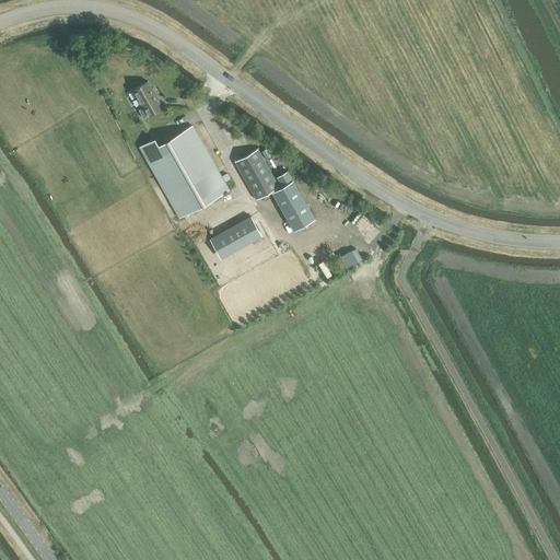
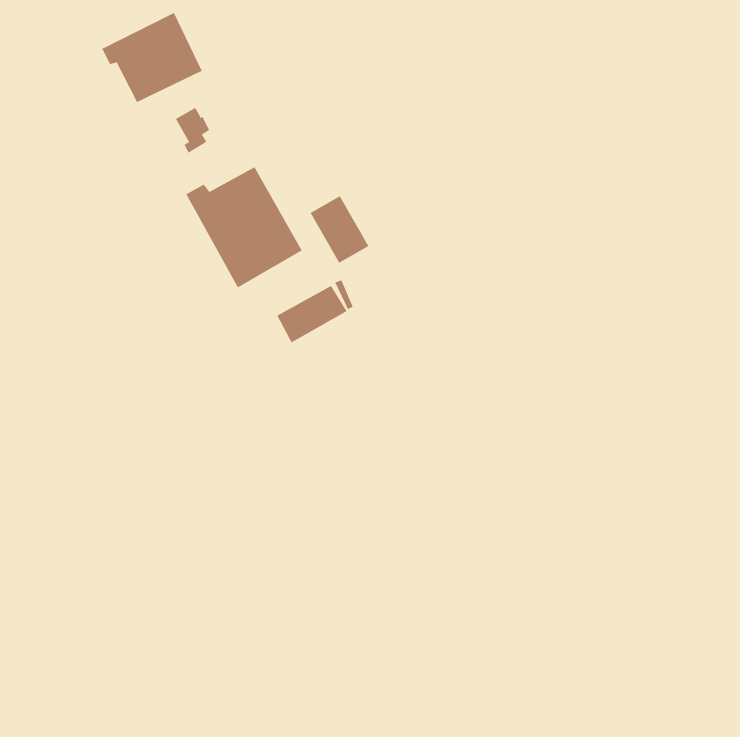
building: none -> [101,12,202,103]
building: [271,173,316,233] -> none

